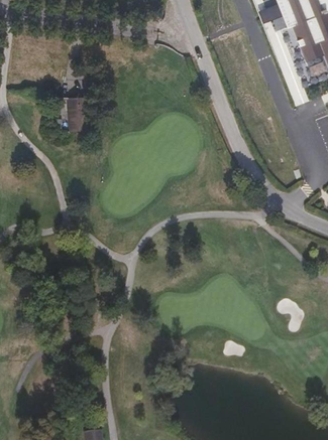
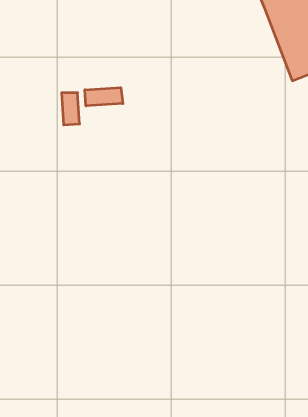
building: none -> [85,88,123,106]

